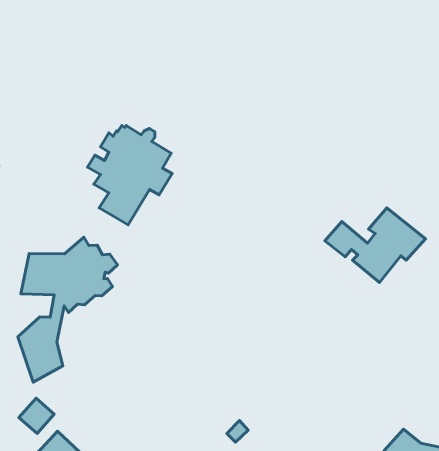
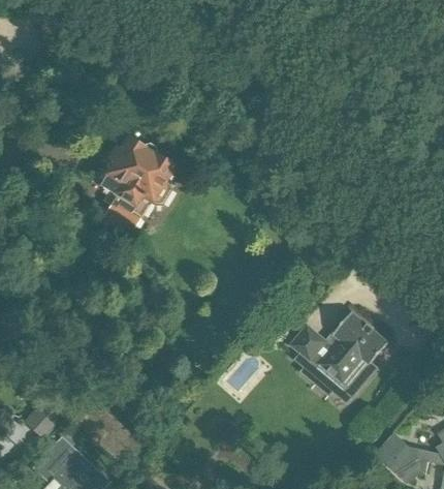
building: [325,208,425,283] -> [291,312,388,385]
building: [18,237,118,382] -> none

